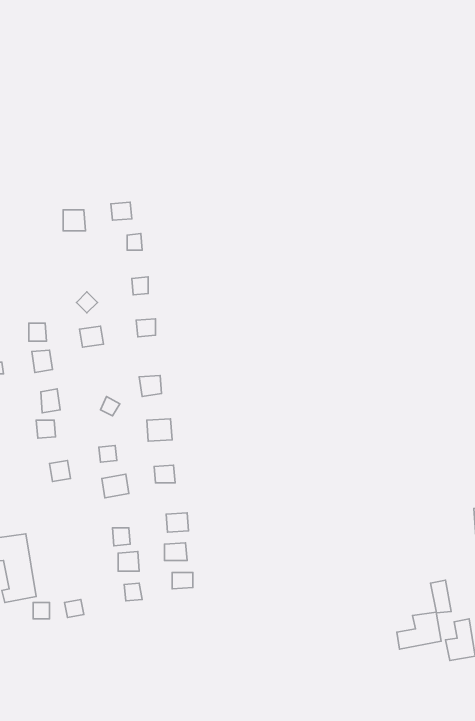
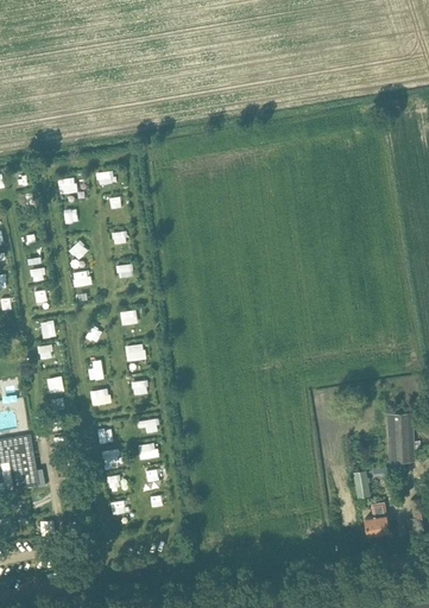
building: [397,612,441,649] -> none

